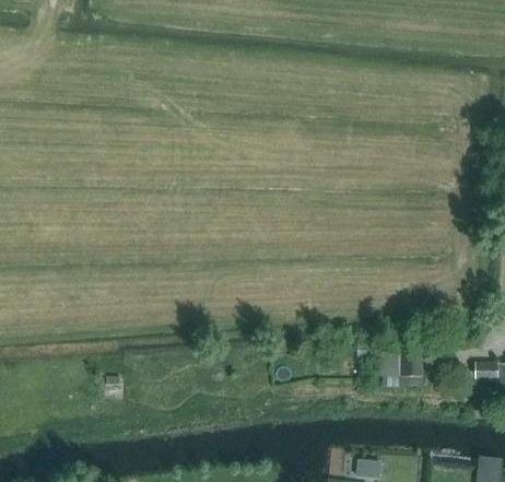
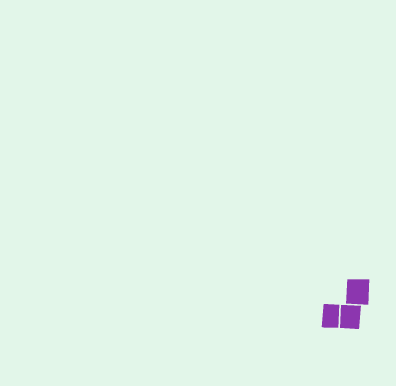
building: none -> [345,278,370,306]

